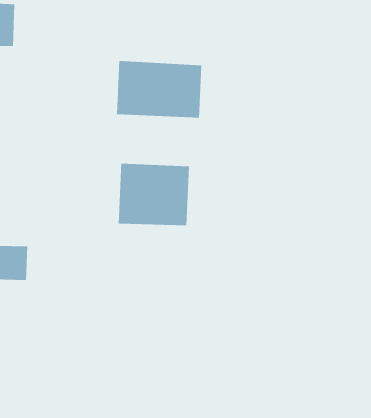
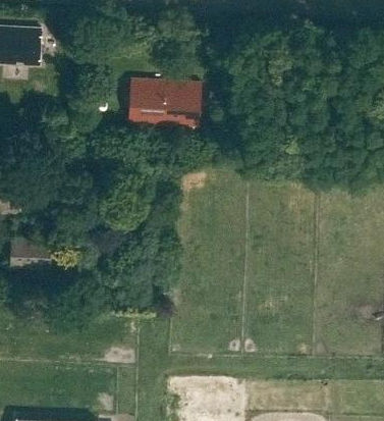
building: [118,163,189,226] -> none

